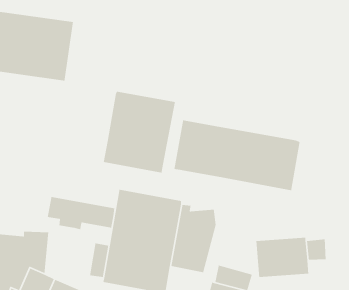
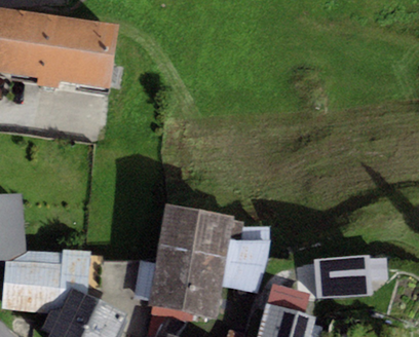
building: [103,91,176,173] -> none
building: [174,119,301,191] -> none
building: [47,196,115,230] -> none

